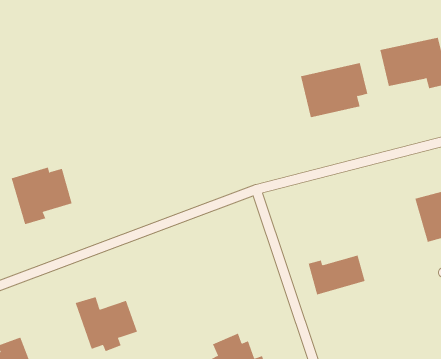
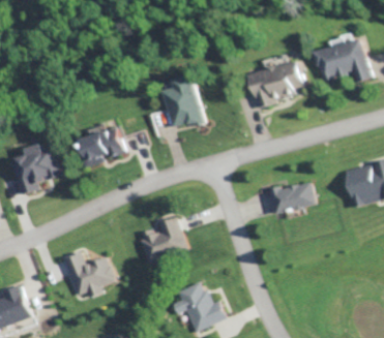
building: none -> [165,74,205,128]
building: none -> [76,127,123,170]
building: none -> [138,216,183,256]
building: [308,255,366,295] -> [267,181,315,214]

